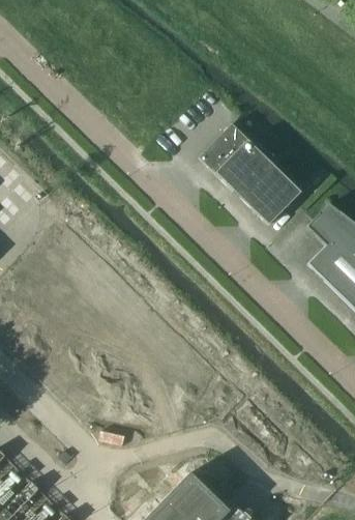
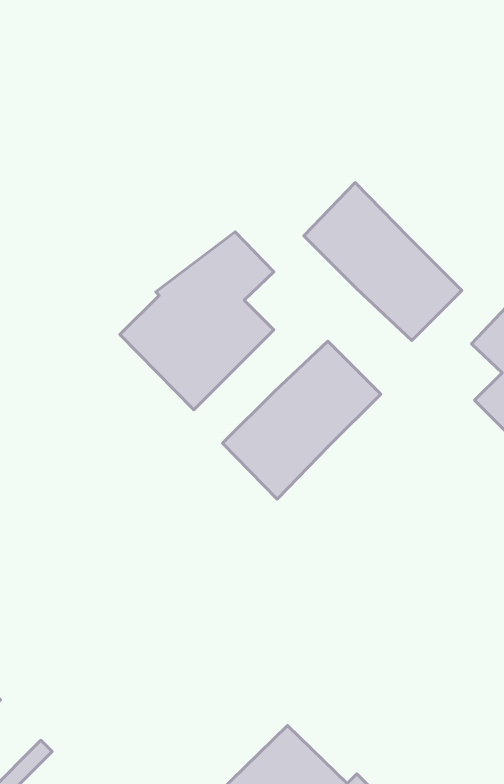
building: none -> [120,232,274,410]
building: none -> [223,341,381,499]

